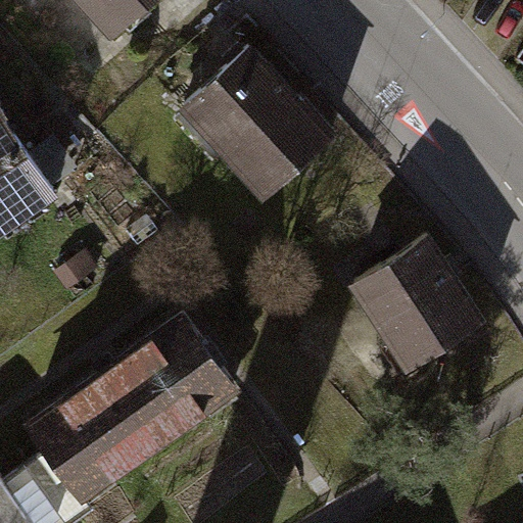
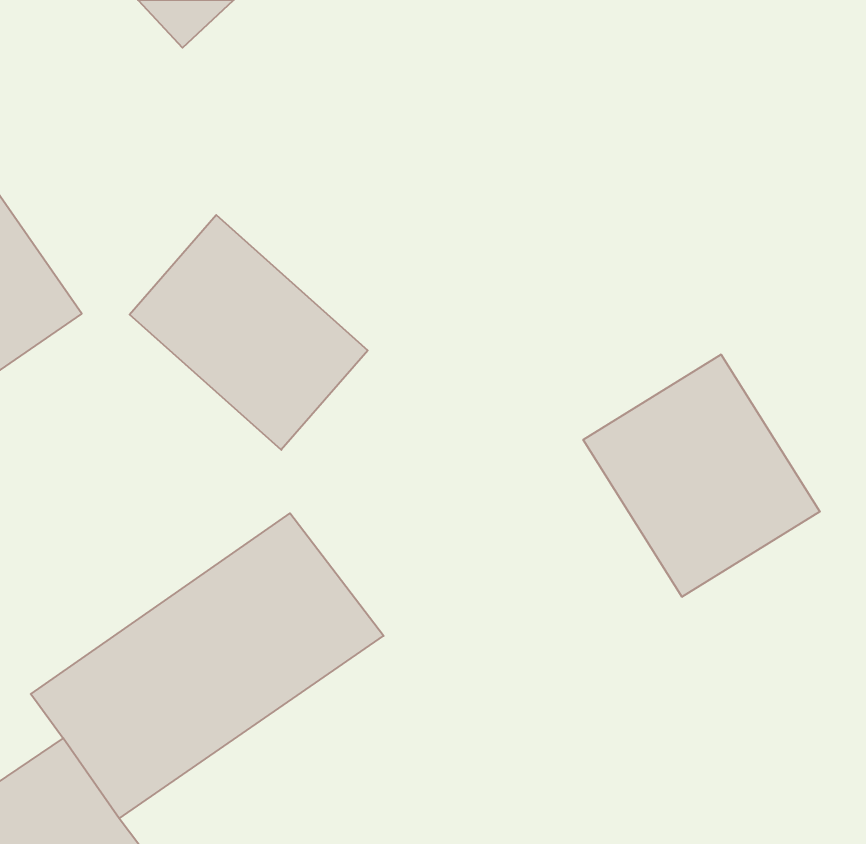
building: [179,43,342,203] -> none
building: none -> [130,215,368,450]

